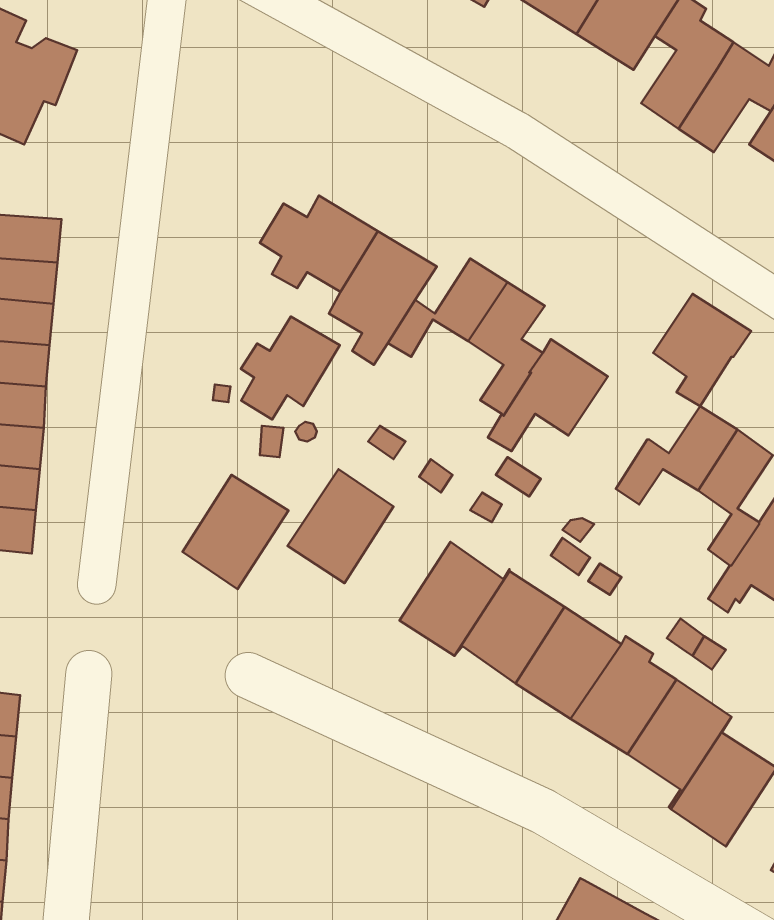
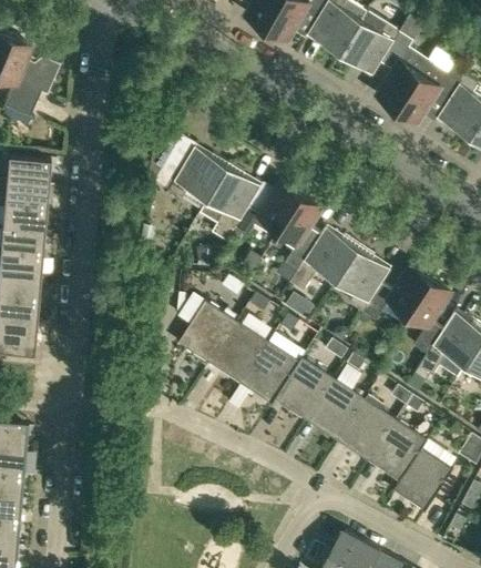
building: [653,294,751,406] -> [336,248,391,312]
building: [241,317,340,419] -> none
building: [182,475,289,589] -> [209,322,269,386]

